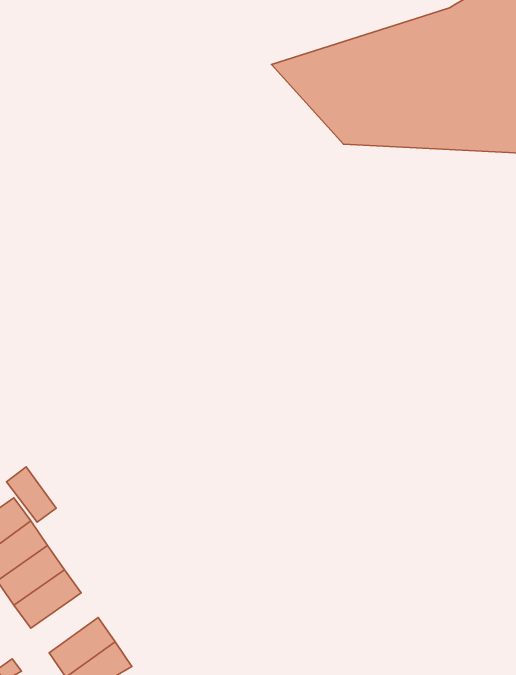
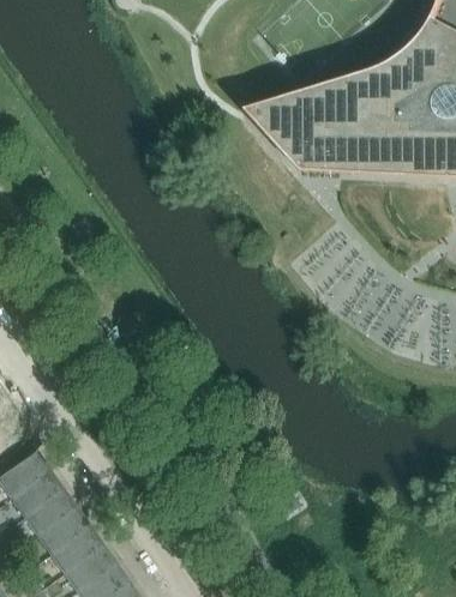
building: [7,467,56,522] -> none
building: none -> [52,524,104,571]

